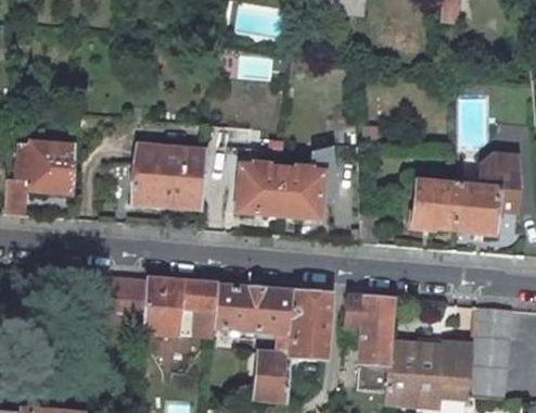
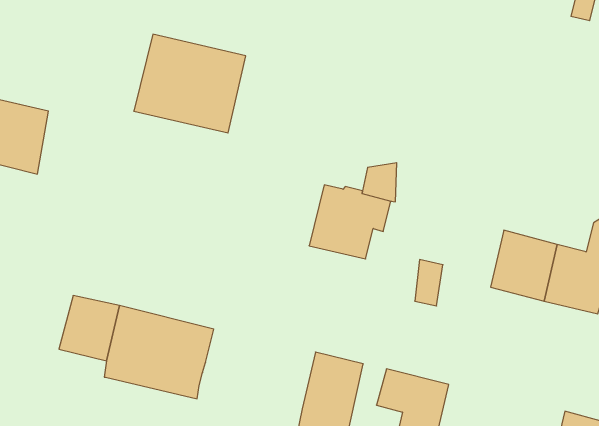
building: [132,143,207,206] -> [134,34,246,133]
building: [230,162,282,213] -> none
building: [214,284,294,331] -> none

